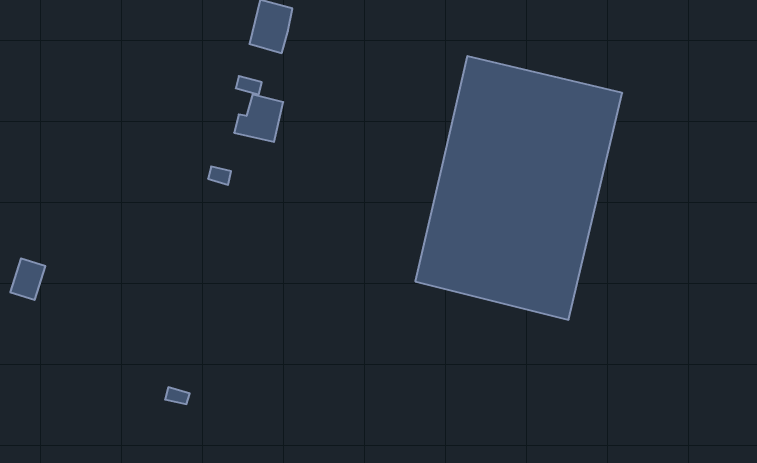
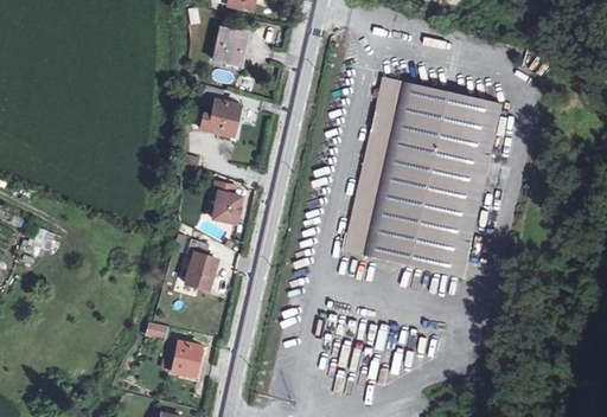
building: none -> [212,185,243,224]
building: none -> [185,252,218,290]
building: none -> [172,340,202,376]

